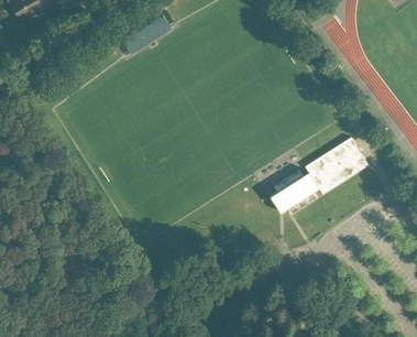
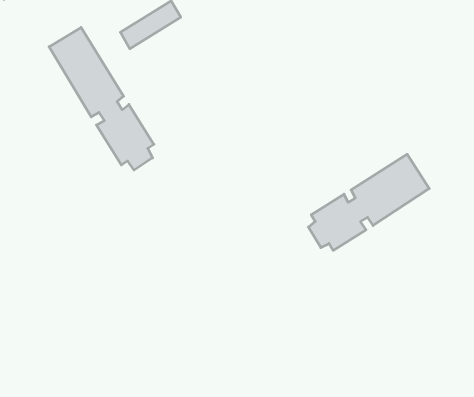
building: none -> [49,27,154,170]

